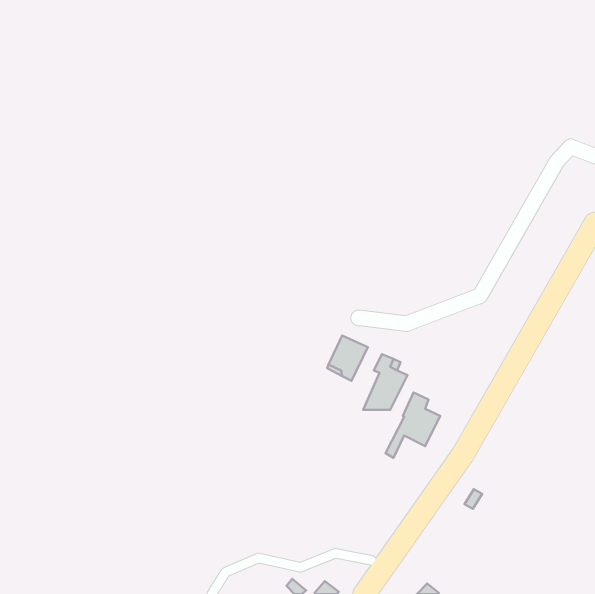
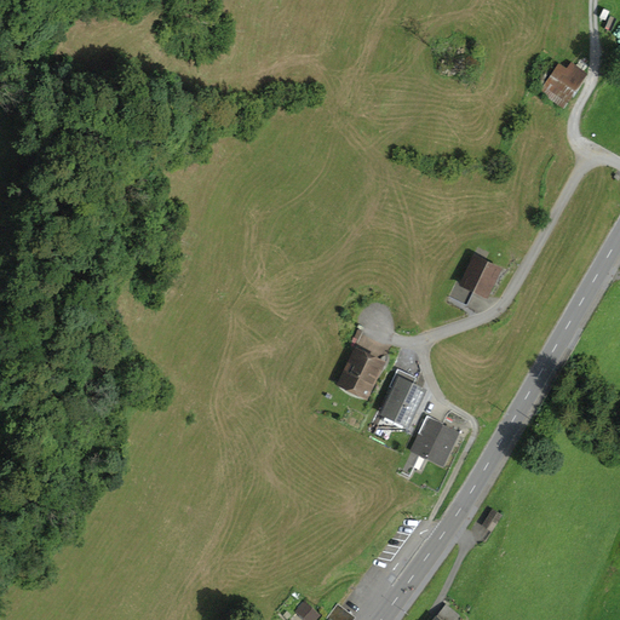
building: none -> [542,63,584,104]
building: none -> [449,258,498,304]

